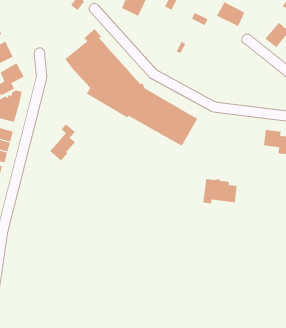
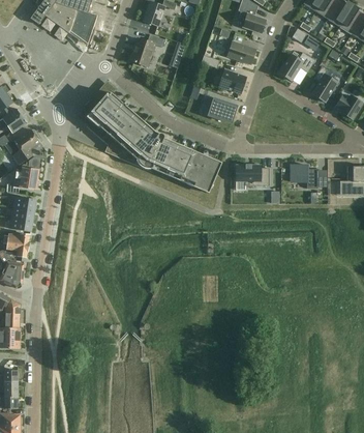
building: none -> [217,68,245,93]
building: none -> [202,94,236,122]
building: [49,123,76,161] -> none
building: [203,179,237,204] -> [235,163,268,189]

